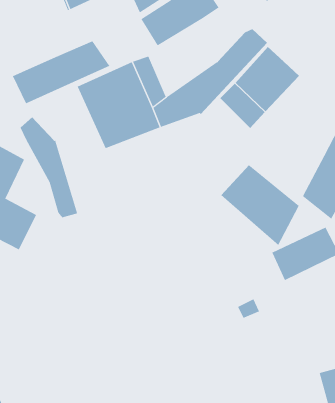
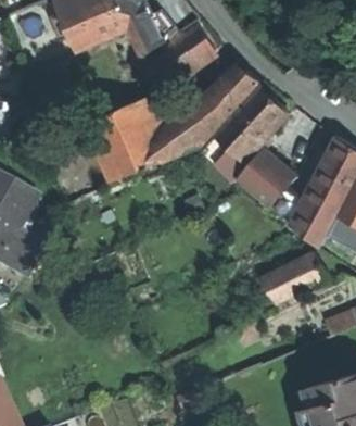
building: [12,40,110,104] -> none
building: [20,117,78,218] -> none
building: [221,165,300,246] -> [238,149,310,224]

